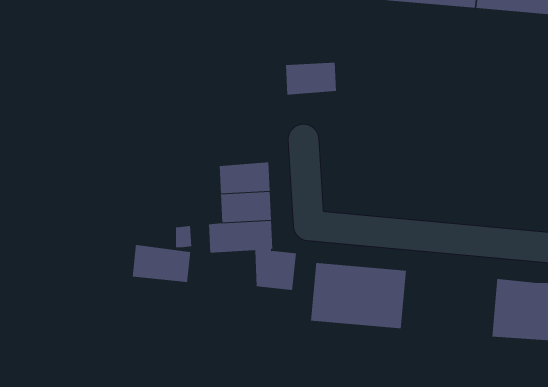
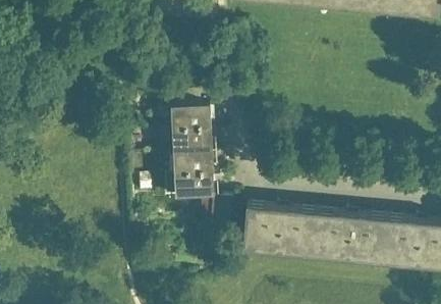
building: [285,62,337,95] -> [171,107,211,133]
building: [132,244,191,283] -> none
building: none -> [313,213,386,264]

